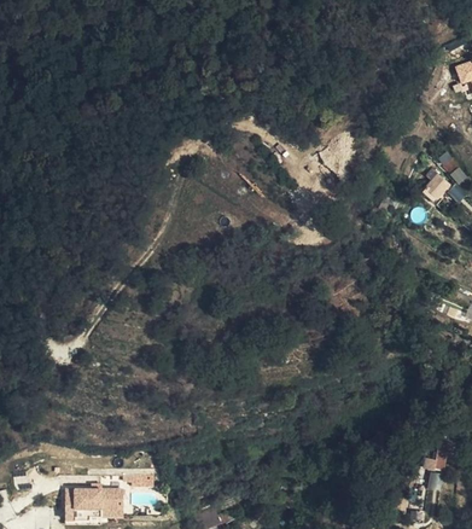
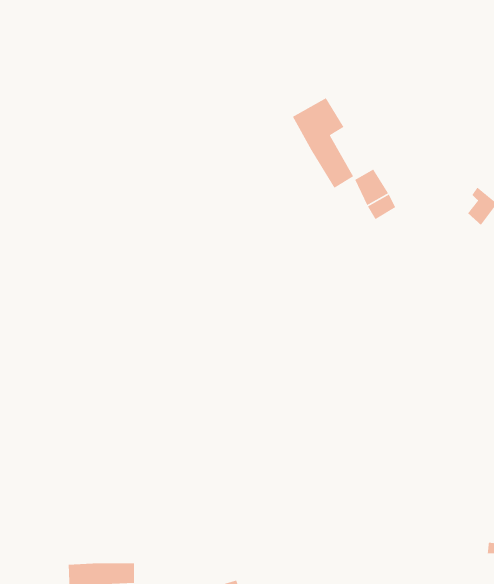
building: none -> [292,97,354,189]

